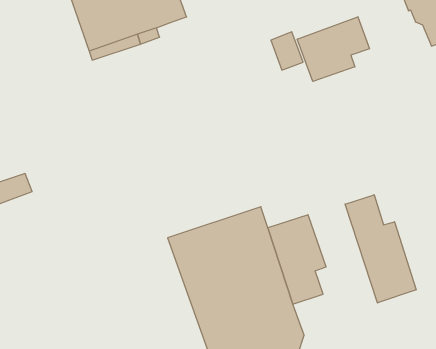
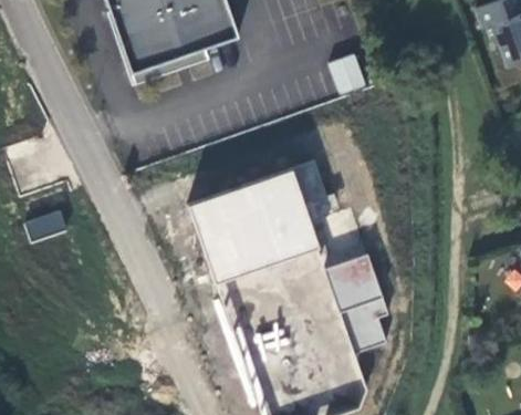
building: [297,17,370,81] -> none
building: none -> [191,158,340,278]
building: [345,195,416,303] -> none

